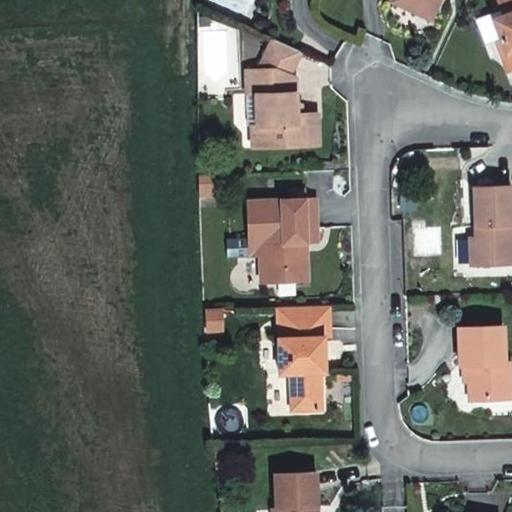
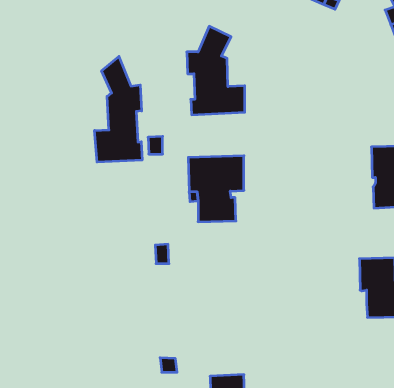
building: none -> [95,56,142,162]
building: [276,306,330,412] -> none

